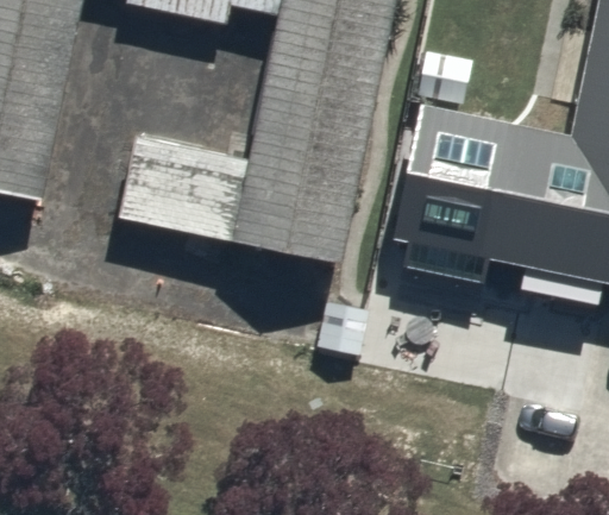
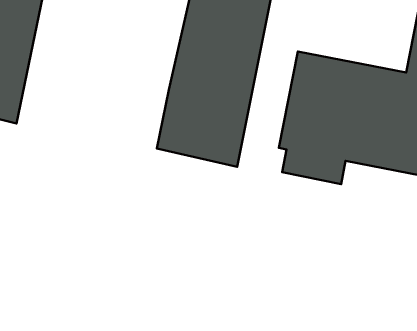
building: [118,134,246,237] -> none

